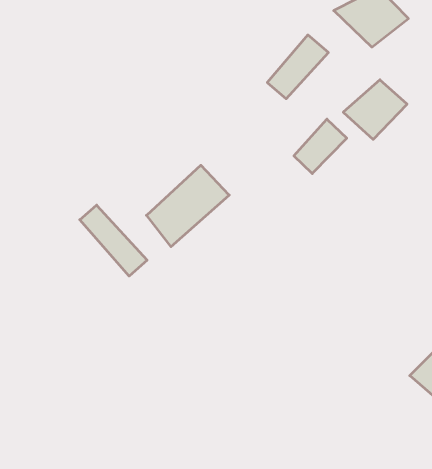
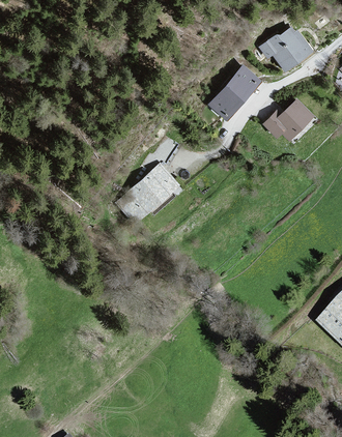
building: [294,119,347,174] -> none
building: [80,205,147,276] -> none

